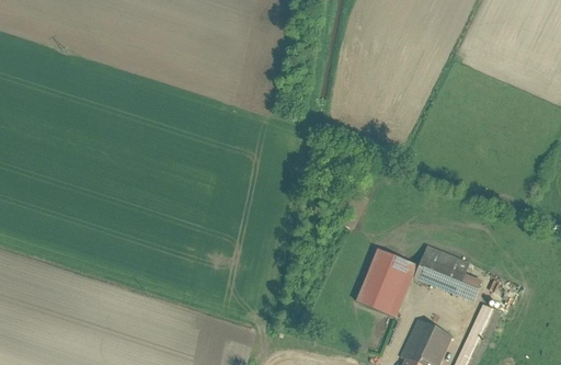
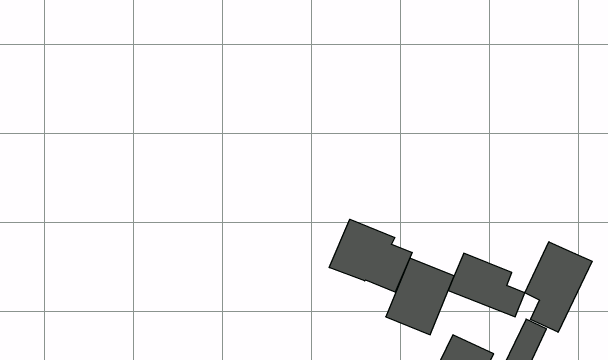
building: none -> [329,219,412,292]
building: none -> [525,242,592,332]

